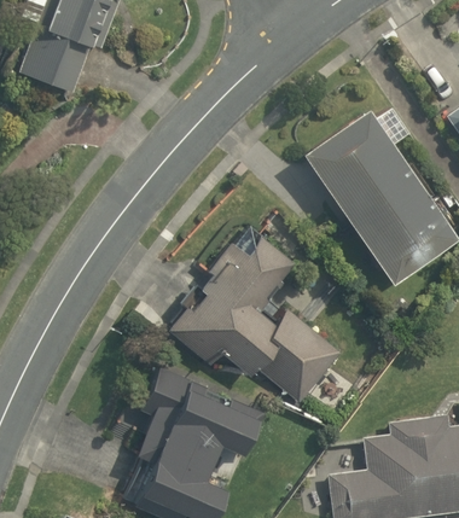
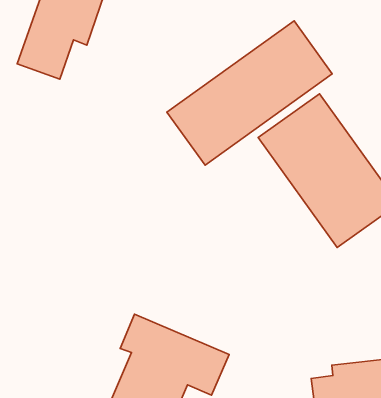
building: none -> [167,21,332,165]
building: [165,235,339,397] -> none

